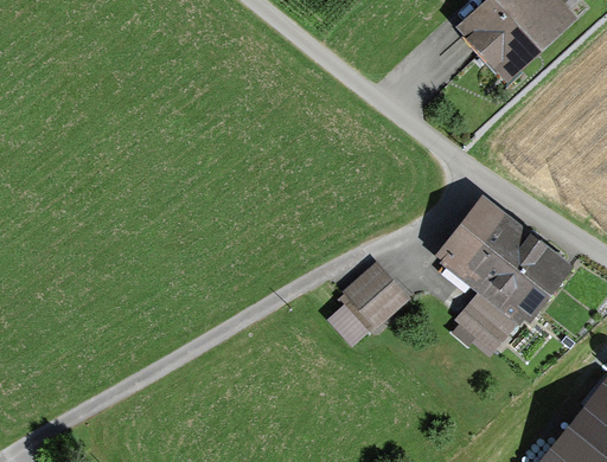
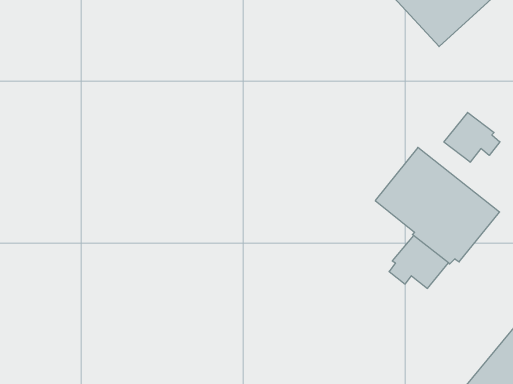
building: none -> [444,112,500,162]
building: [326,262,410,348] -> none

